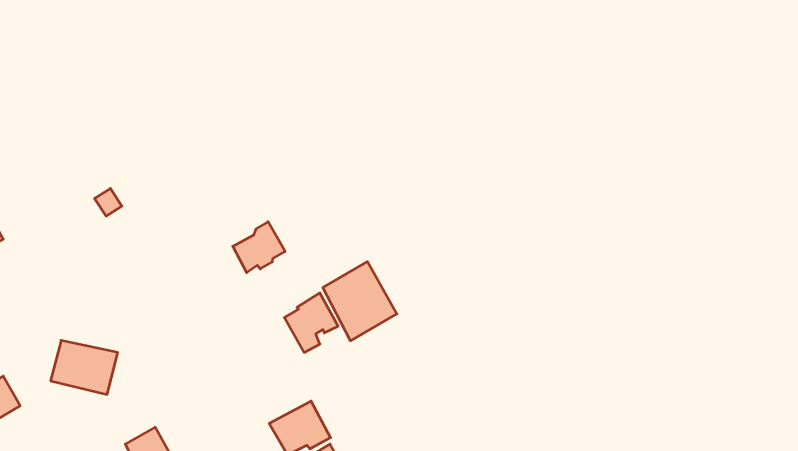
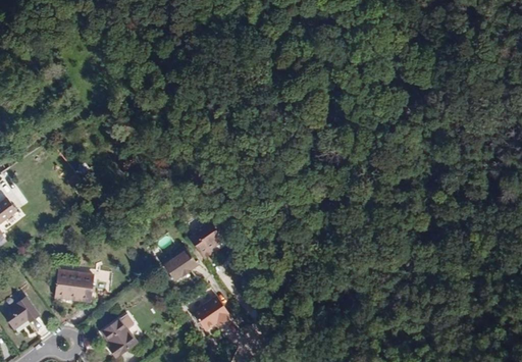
building: [233,222,285,273] -> [165,244,198,276]
building: [323,262,397,341] -> none

